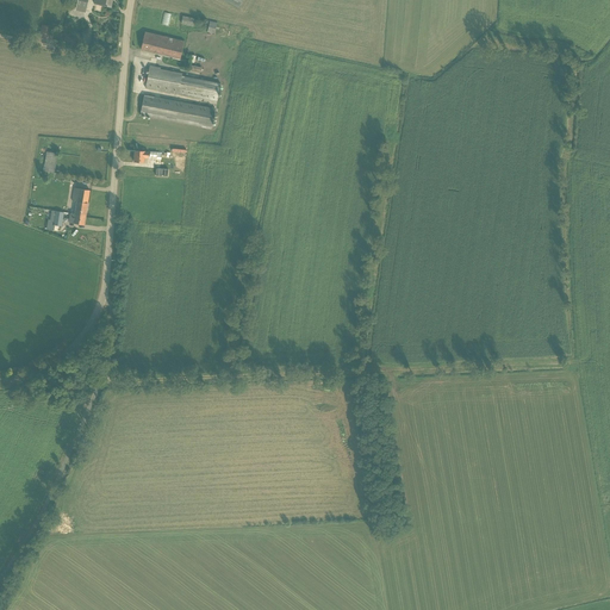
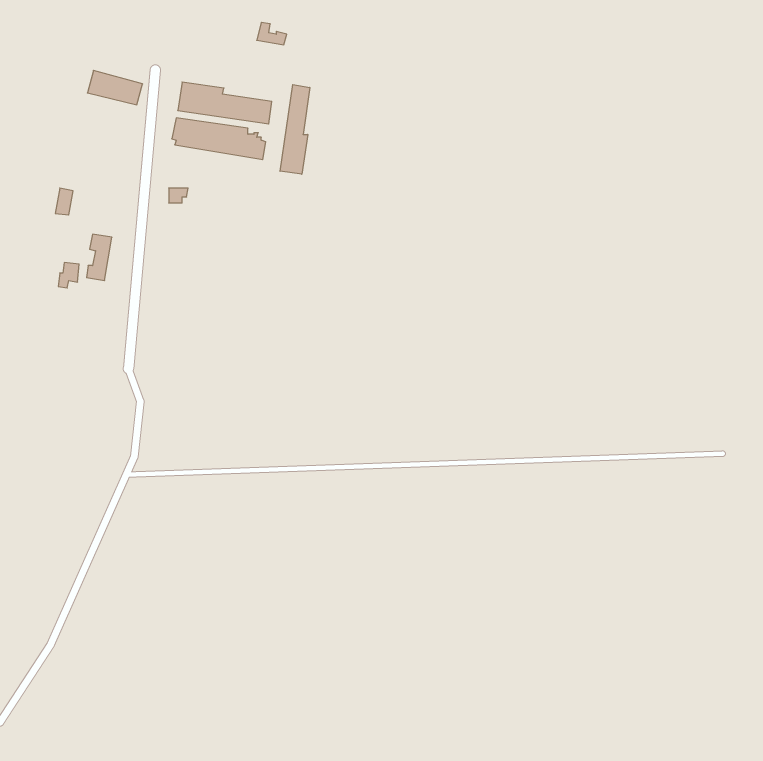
building: [142,31,186,58] -> [87,70,143,105]
building: none -> [280,85,310,174]

